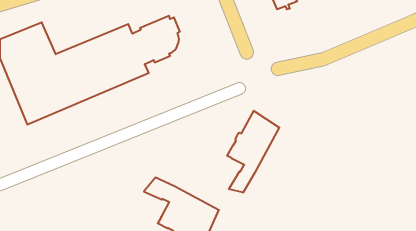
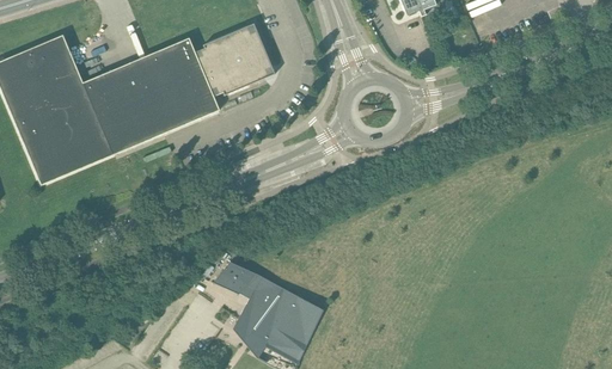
building: [227,111,279,193] -> none

